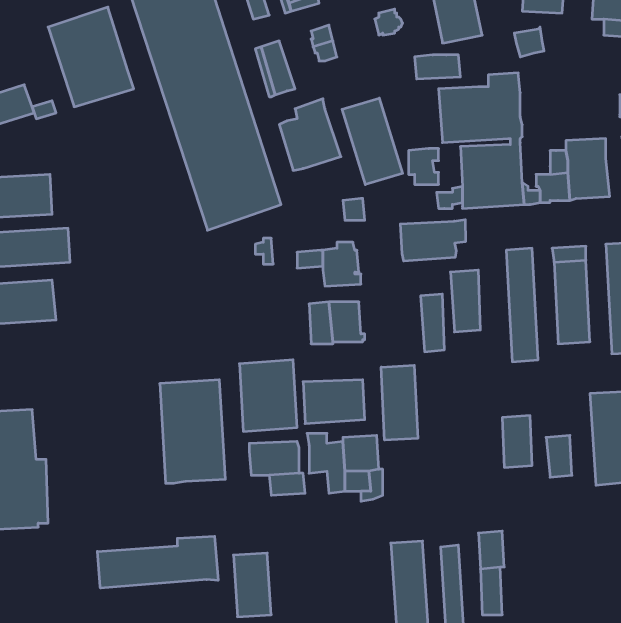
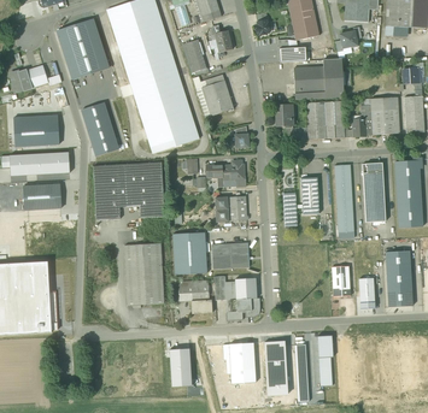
building: [342,98,403,185] -> none
building: none -> [81,102,118,155]
building: [400,220,465,261] -> none
building: none -> [93,161,164,220]
building: [381,365,418,440] -> none
building: [97,536,218,588] -> none
building: none -> [229,342,256,383]

